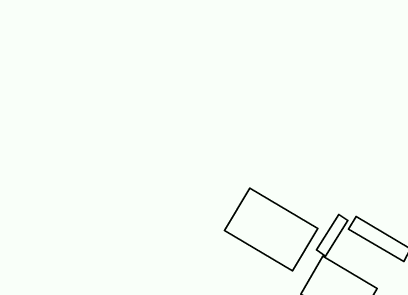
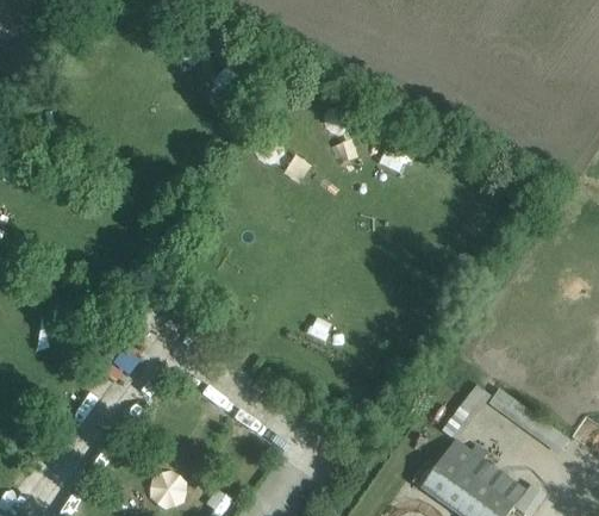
building: [224,188,318,271] -> none

